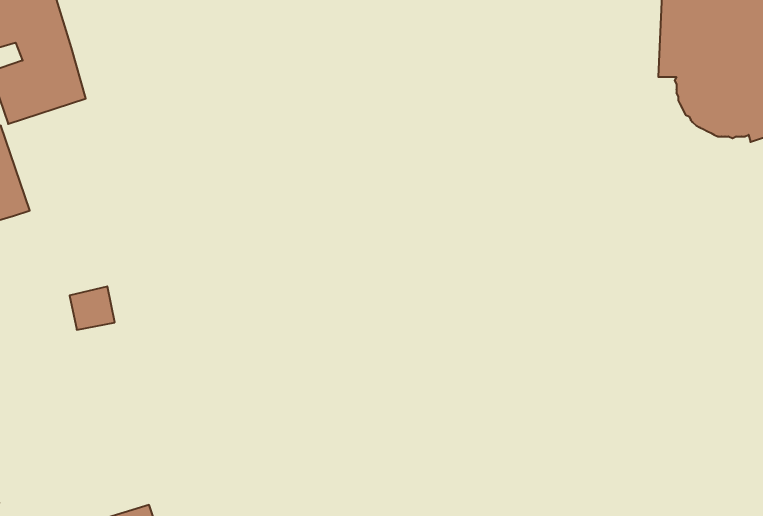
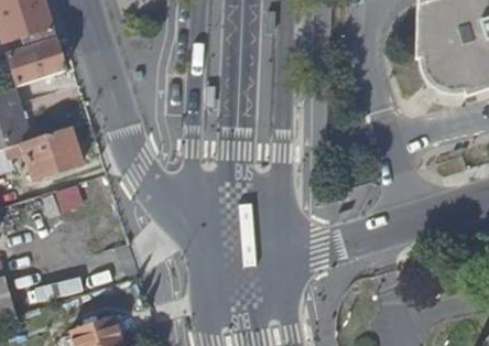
building: none -> [22,127,85,180]

